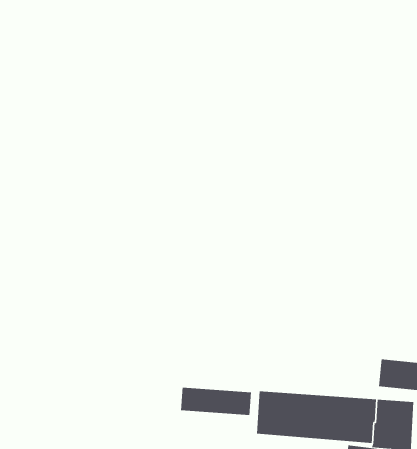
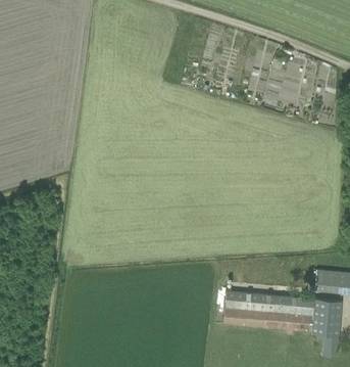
building: [181,387,251,416] -> none

